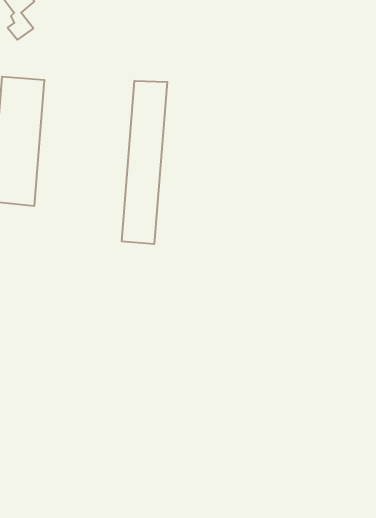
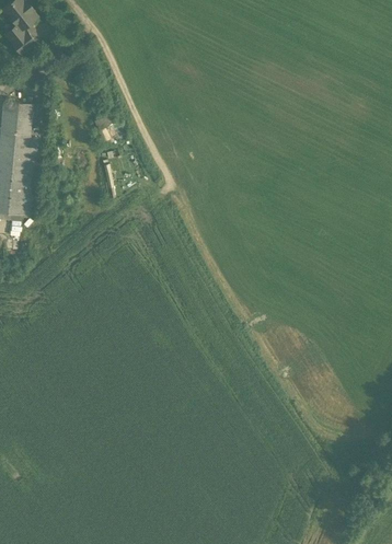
building: [122,81,167,244] -> none

